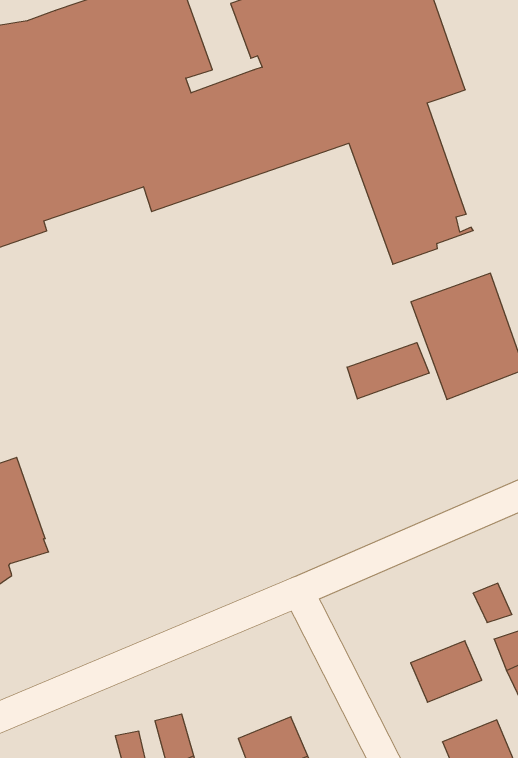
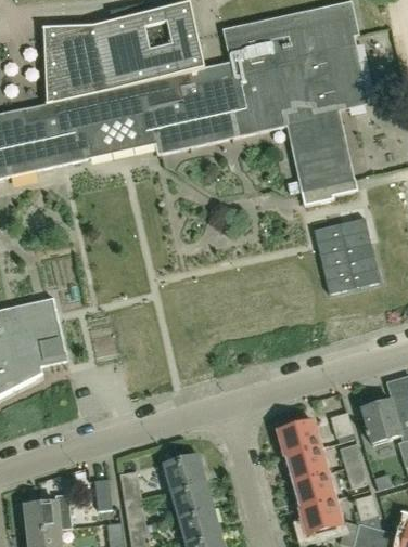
building: [347,343,429,399] -> none
building: none -> [279,420,321,456]
building: none -> [164,455,206,491]
building: none -> [293,472,335,508]

